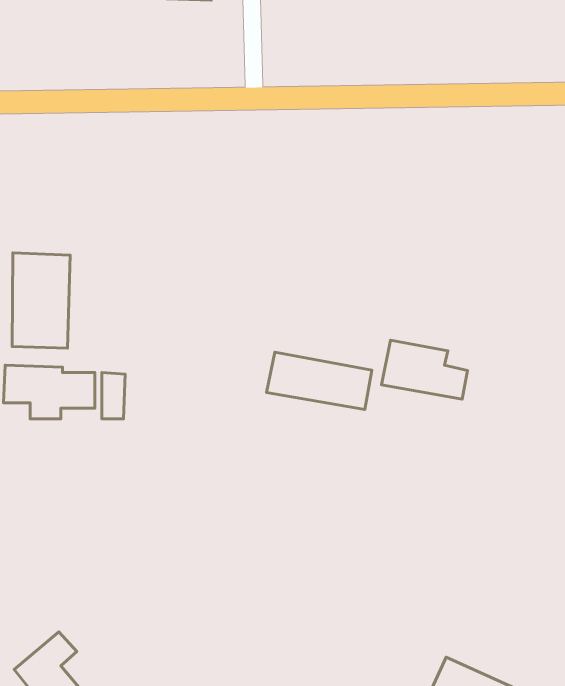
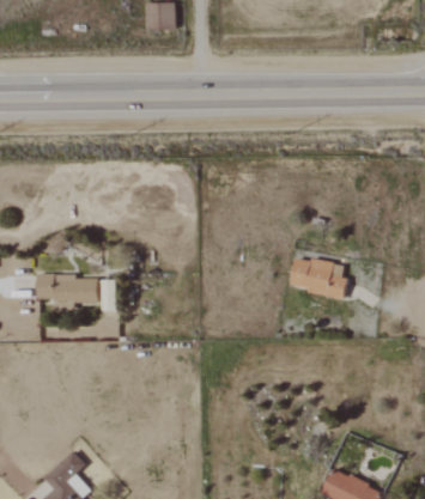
building: [12,253,70,348] -> none
building: [267,352,372,409] -> none

